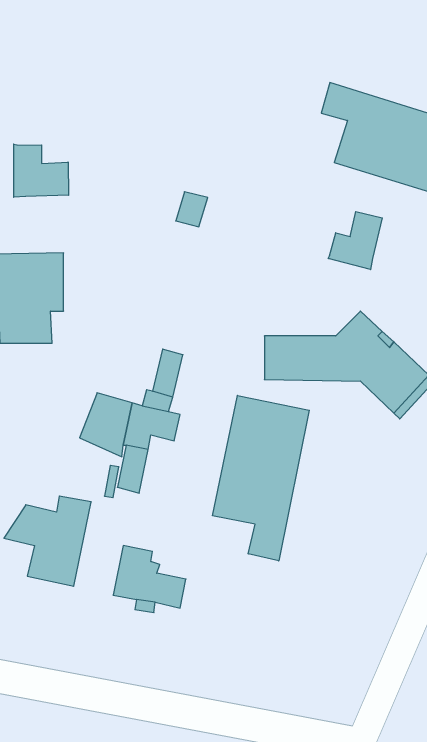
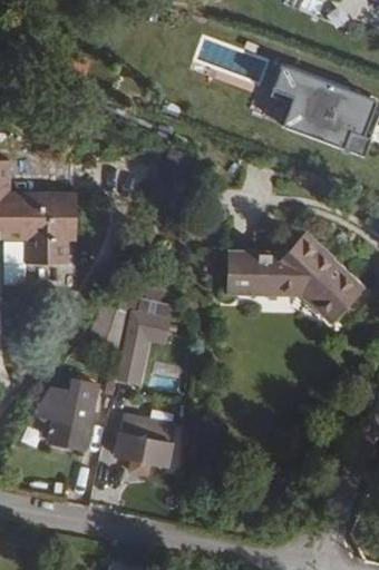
building: [14,144,69,197] -> none
building: [328,212,382,270] -> none
building: [213,395,309,561] -> none

